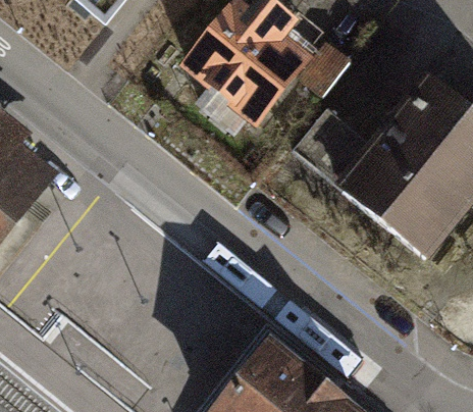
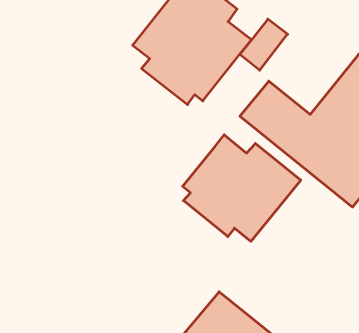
building: none -> [183,135,301,241]

